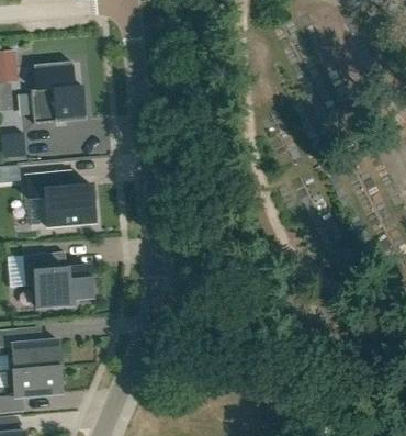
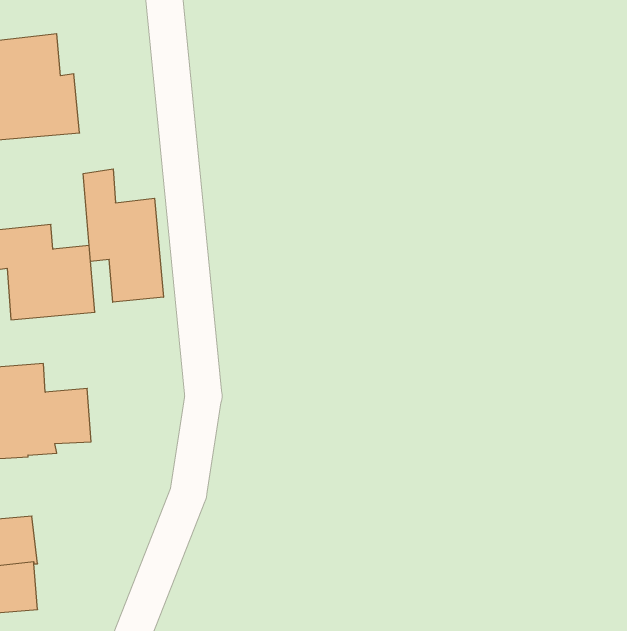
building: none -> [83,169,163,302]

